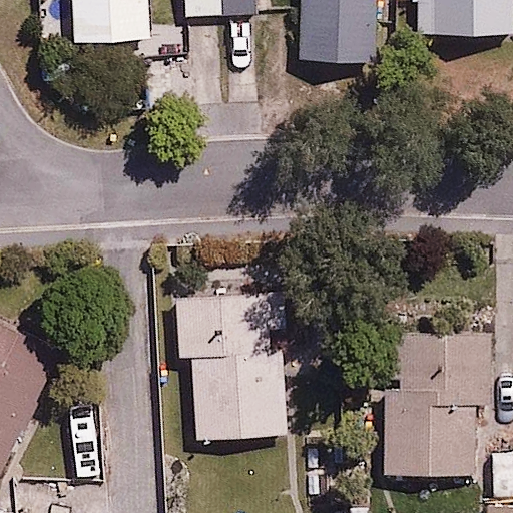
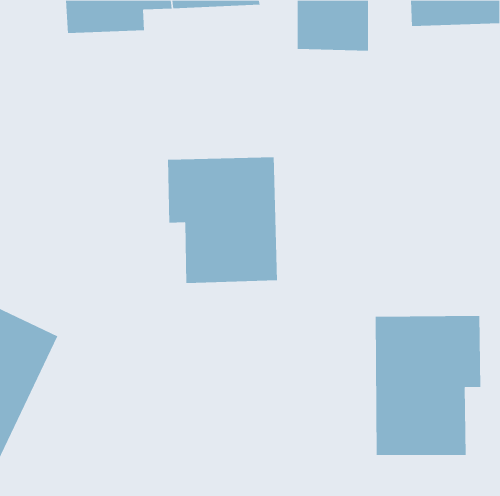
building: none -> [168,156,277,284]
building: [178,296,294,437] -> none

